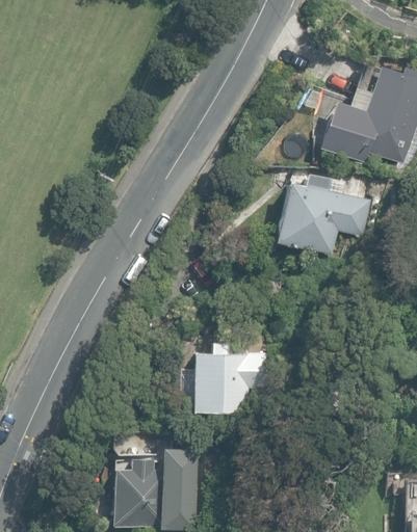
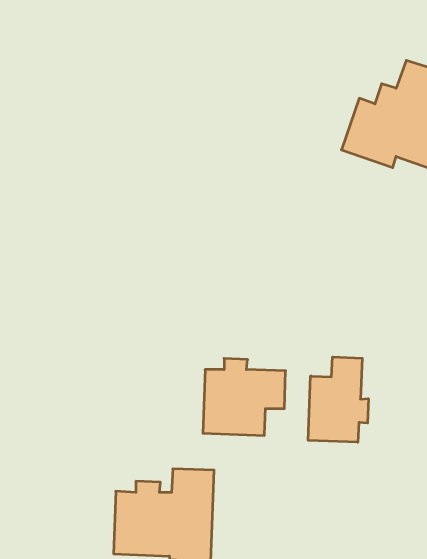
building: [275,174,371,256] -> none
building: none -> [308,357,368,442]

